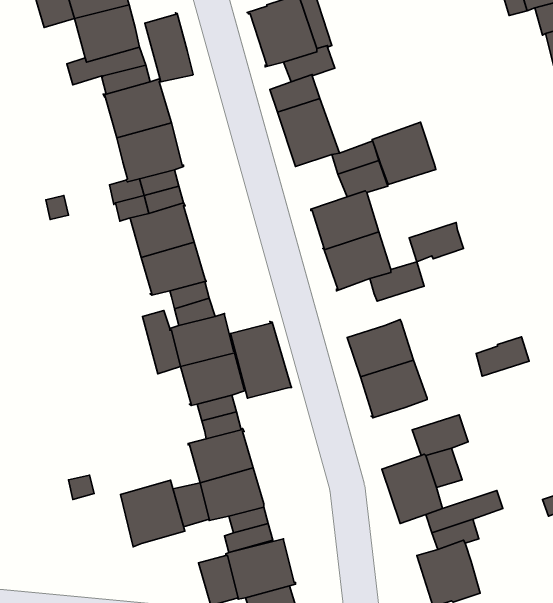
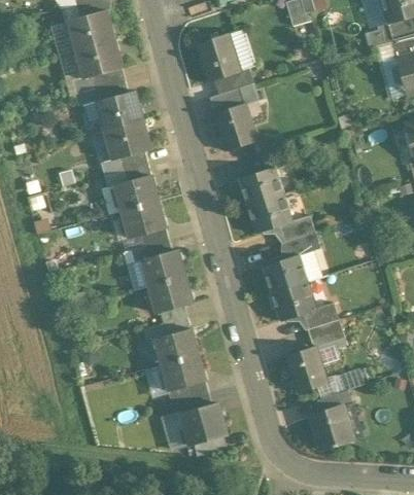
building: [145,13,193,82] -> none
building: none -> [57,48,84,81]
building: [372,122,436,185] -> none
building: [409,223,464,262] -> [283,231,320,257]
building: [230,321,292,398] -> none
building: [476,337,529,376] -> [303,302,339,328]
building: [120,480,185,547] -> none

